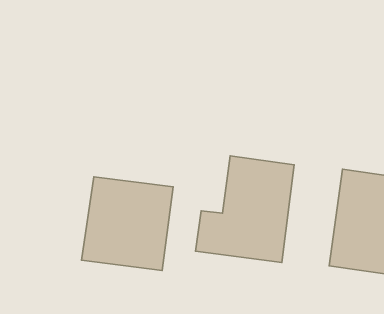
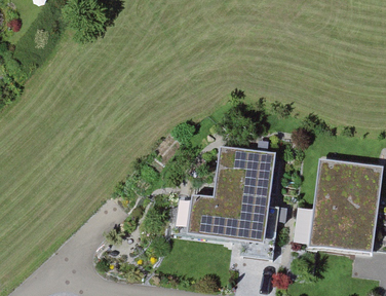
building: [82,177,173,270] -> none

